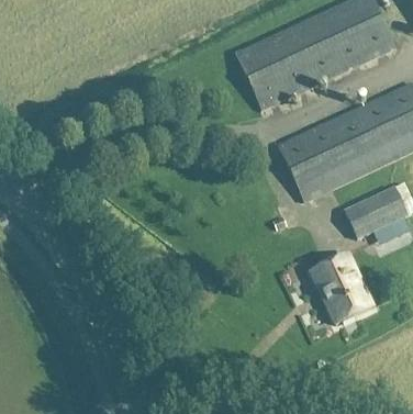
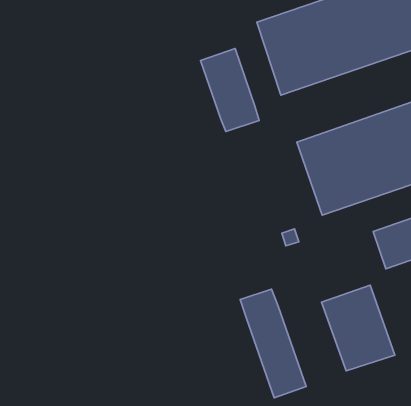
building: none -> [201,48,259,131]
building: none -> [240,289,306,398]

